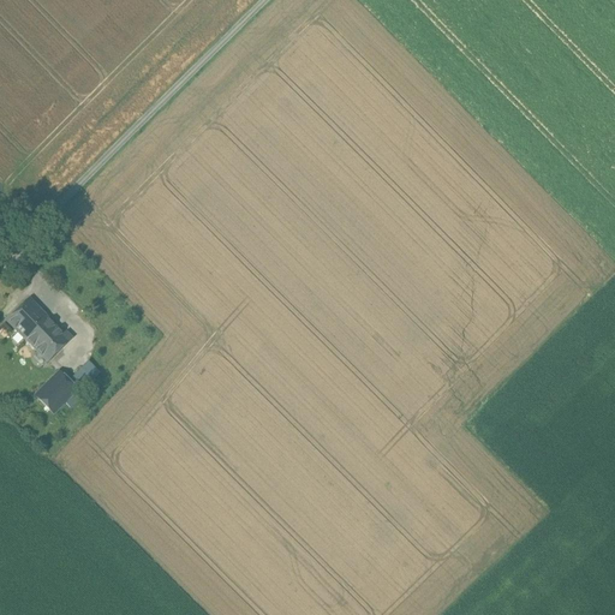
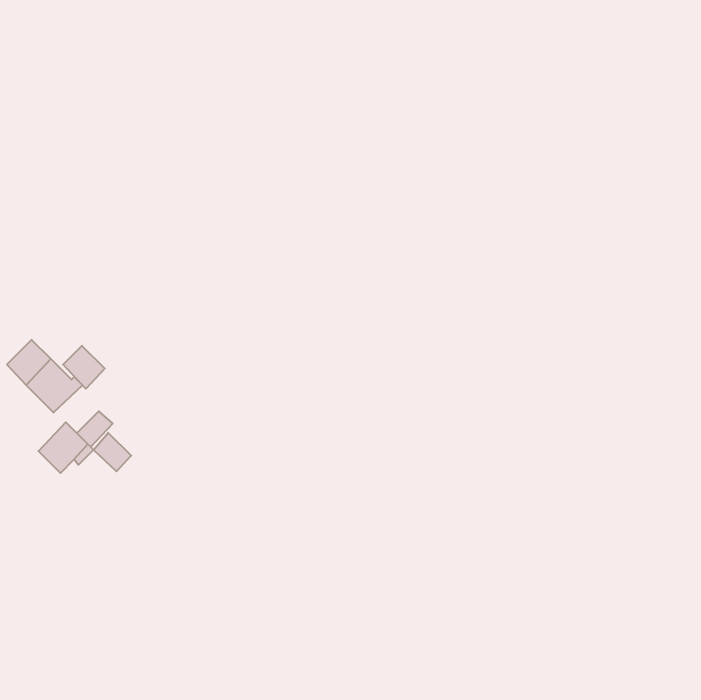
building: none -> [63,346,105,389]
building: none -> [93,433,131,471]

